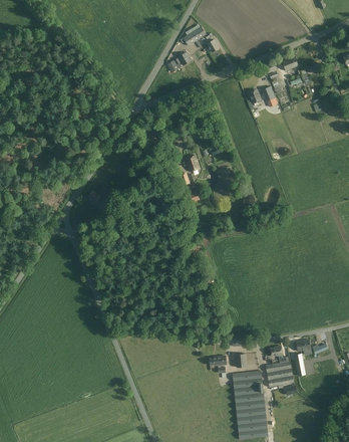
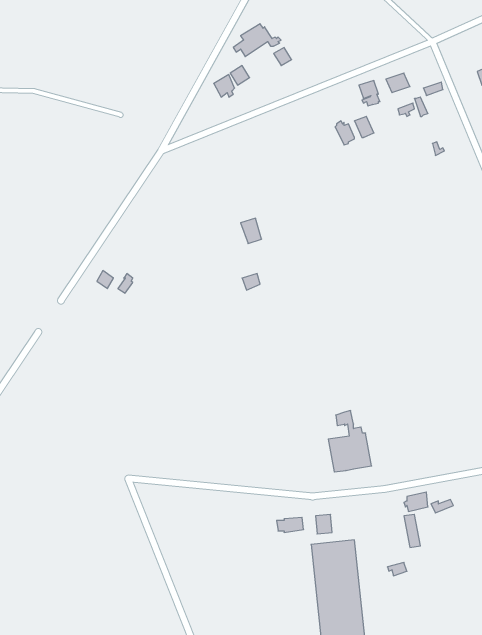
building: [265,345,294,386] -> [328,411,372,472]

